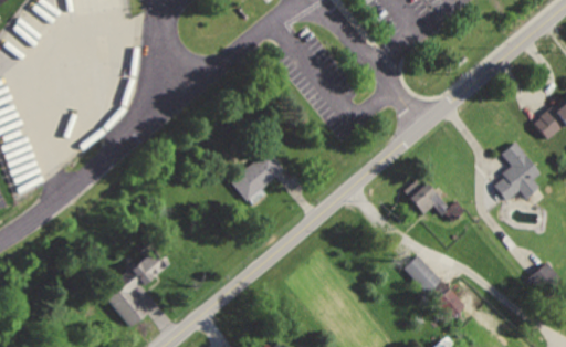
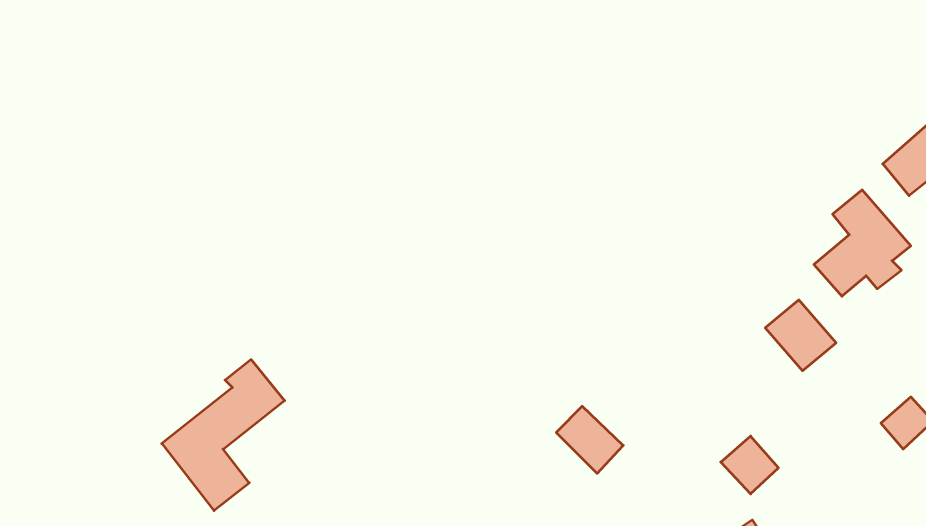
building: [228,149,285,204] -> none
building: [403,177,446,219] -> [765,300,836,371]
building: [400,254,440,294] -> [556,406,623,473]

